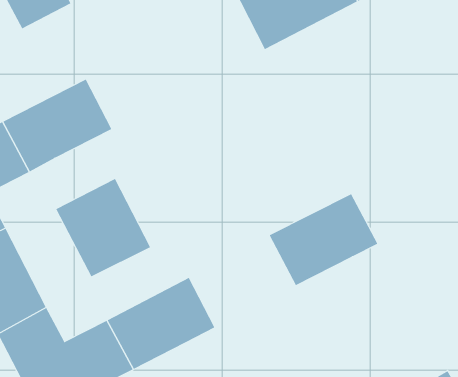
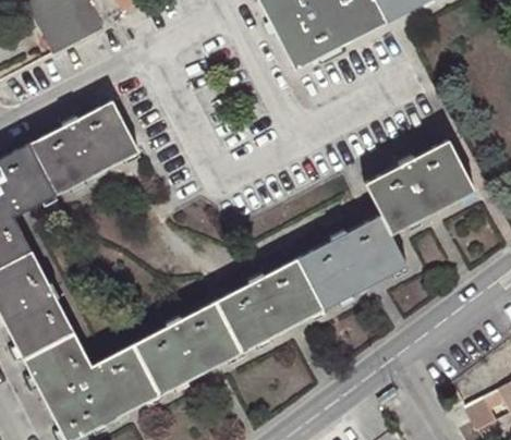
building: none -> [365,142,476,235]
building: [56,178,151,277] -> none
building: none -> [218,258,326,352]

